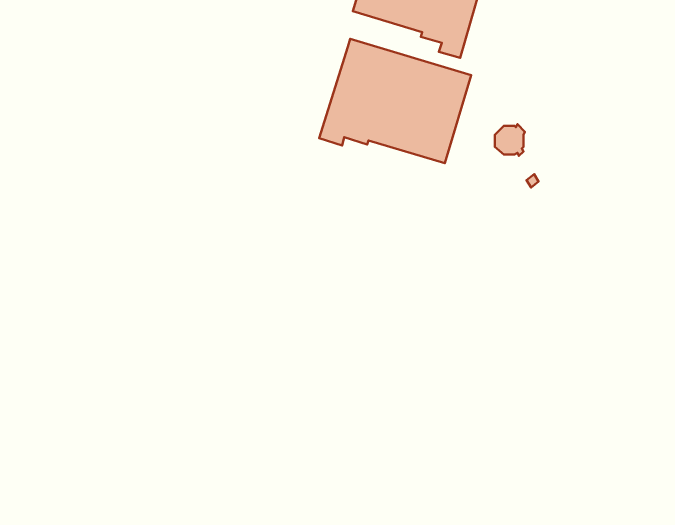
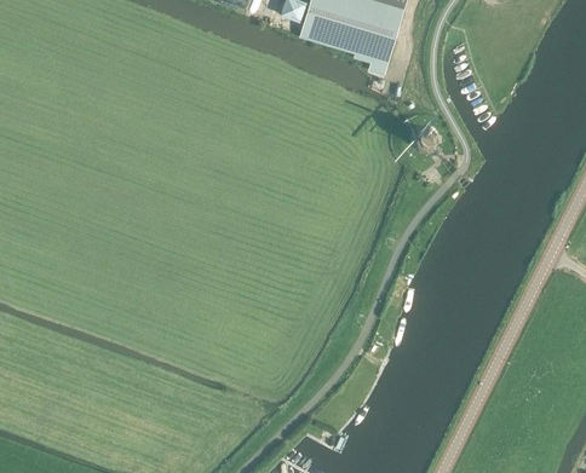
building: [319,39,471,163] -> none

